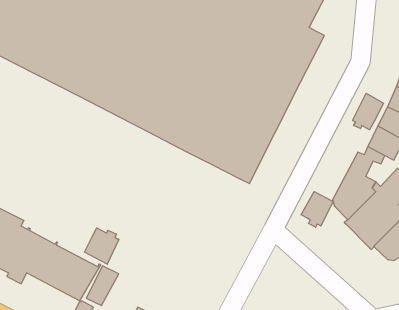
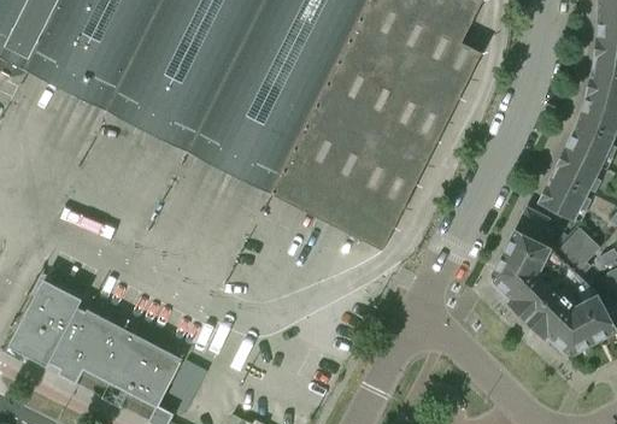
building: [353,93,383,130] -> none
building: [301,192,333,227] -> none
building: [84,228,119,264] -> none

